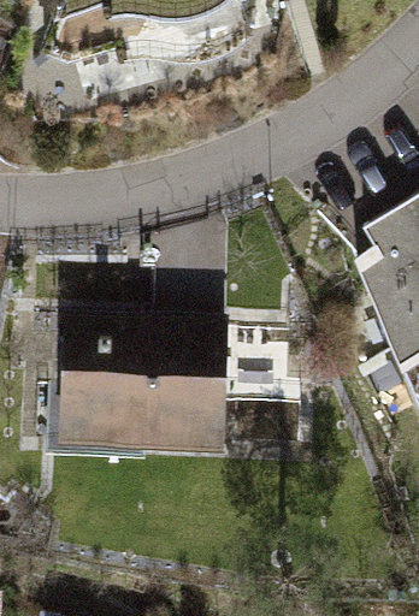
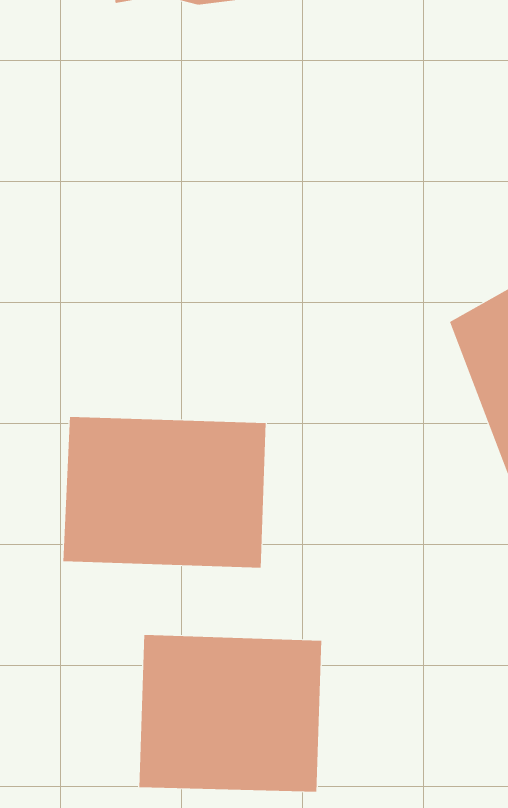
building: none -> [139,634,322,792]

